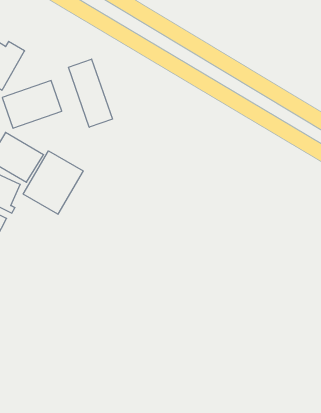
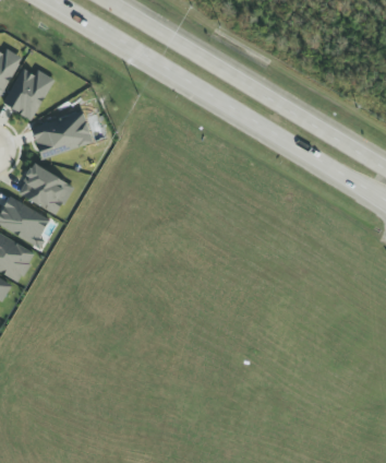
building: [68,59,112,127] -> none
building: [23,151,83,214] -> none

